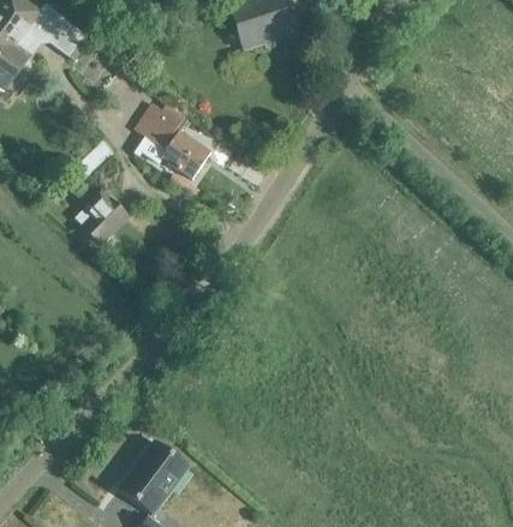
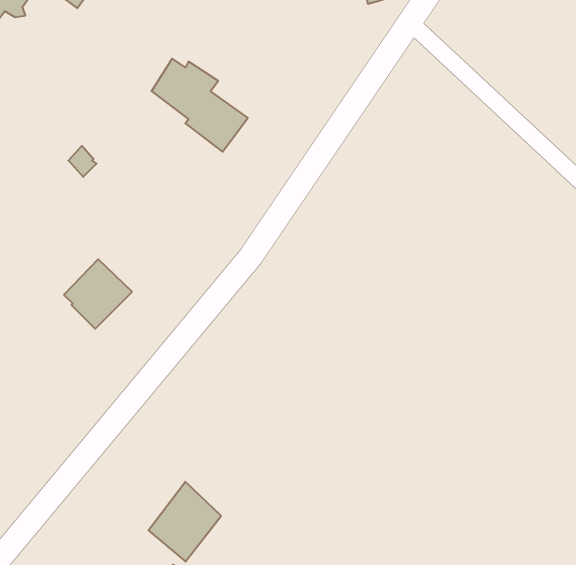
building: [74,190,130,246] -> [64,259,132,329]

